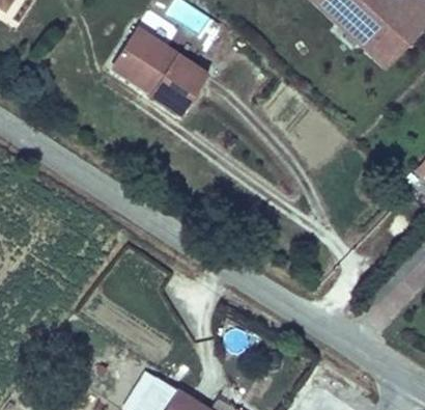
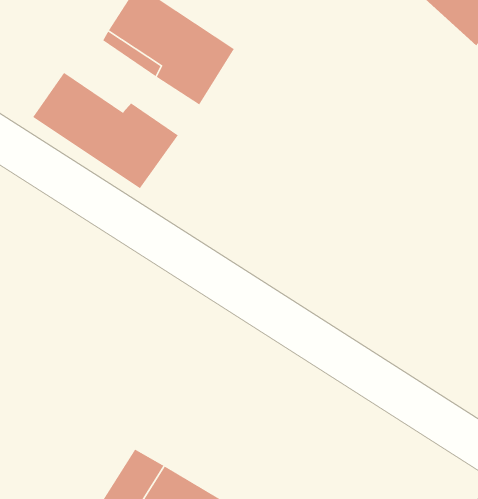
building: none -> [32,72,179,189]

